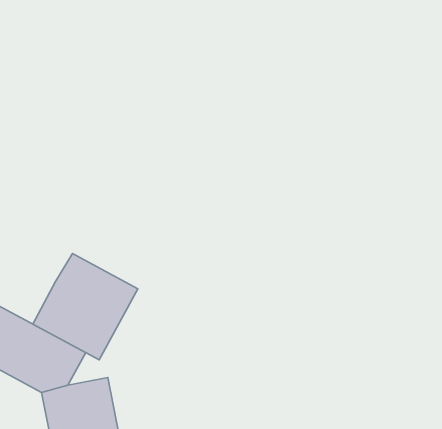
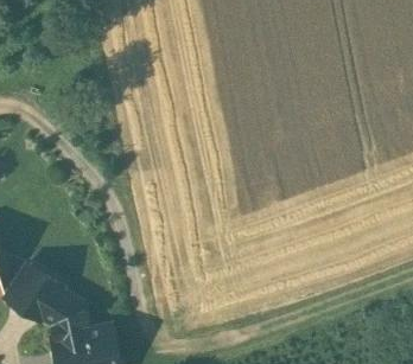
building: [33,254,138,360] -> none

